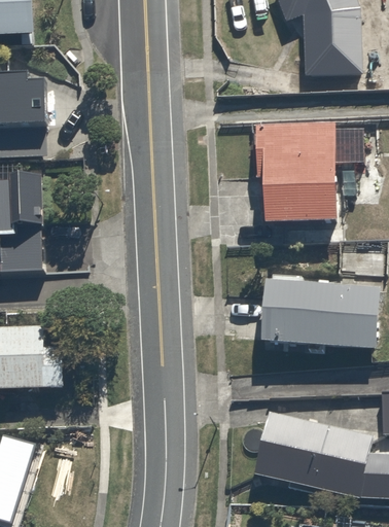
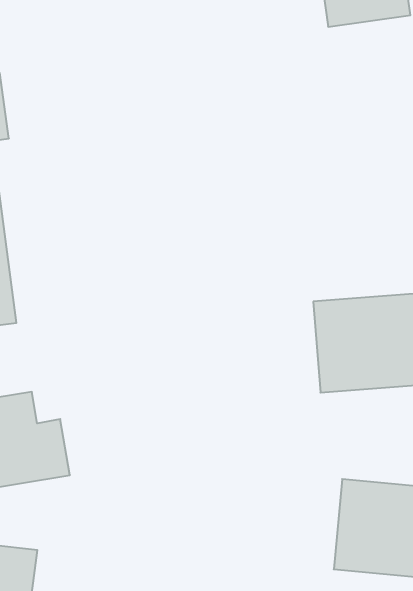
building: [253,120,339,230] -> none

